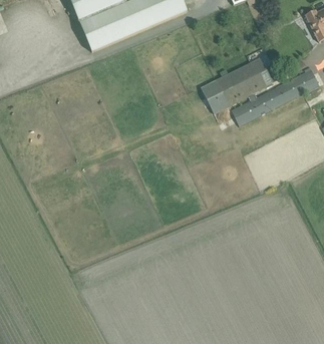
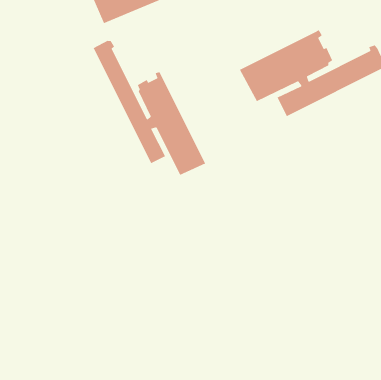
building: none -> [93,39,206,176]

